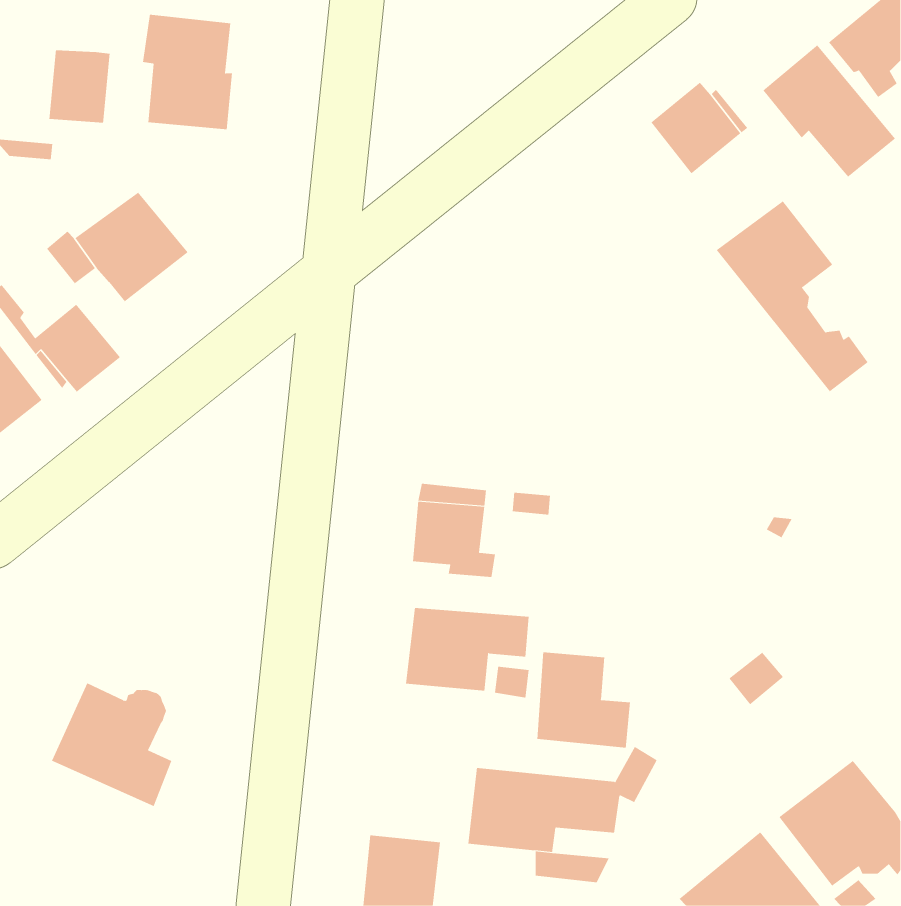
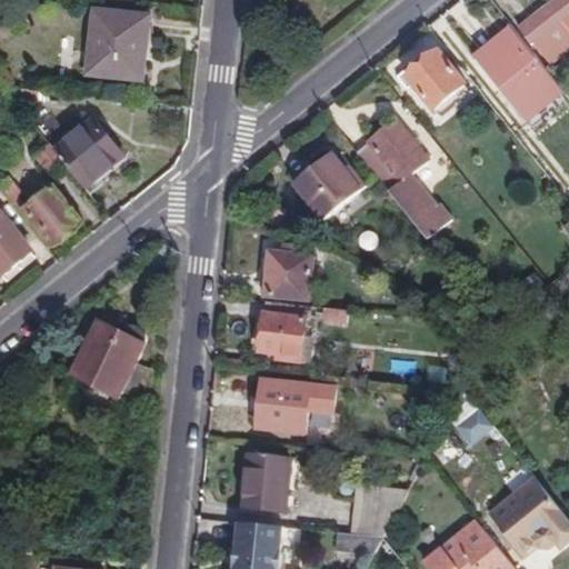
building: [49,49,110,124] -> none
building: [716,200,869,392] -> [353,119,449,239]
building: none -> [292,153,366,220]
building: none -> [263,246,310,299]
building: [537,652,630,748] -> none
building: [51,683,172,807] -> [78,316,153,393]
building: none -> [242,457,287,512]

